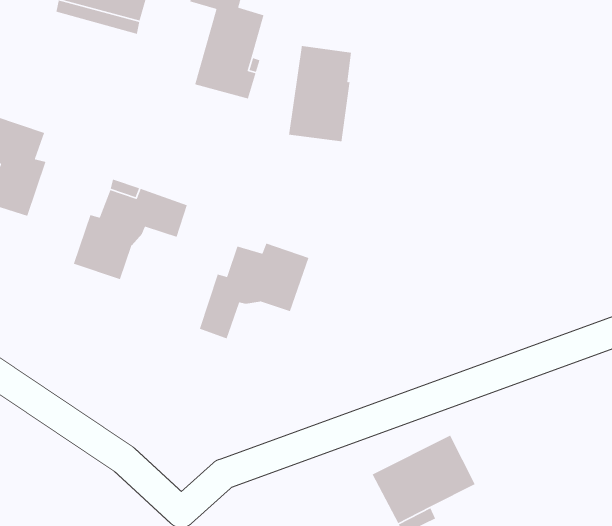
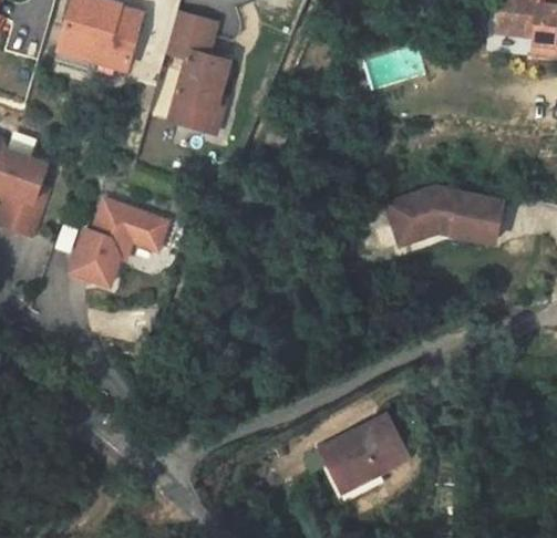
building: [288,45,352,142] -> none
building: none -> [384,186,502,244]
building: [199,242,310,340] -> none

